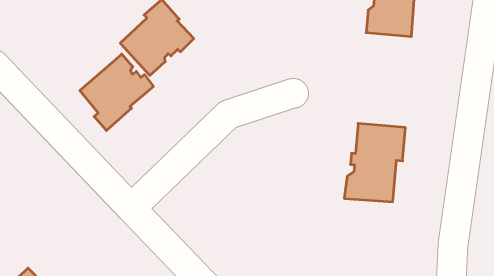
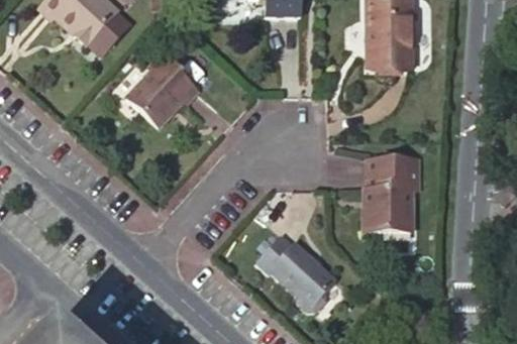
building: [80,54,153,131] -> none
building: none -> [255,233,336,310]

